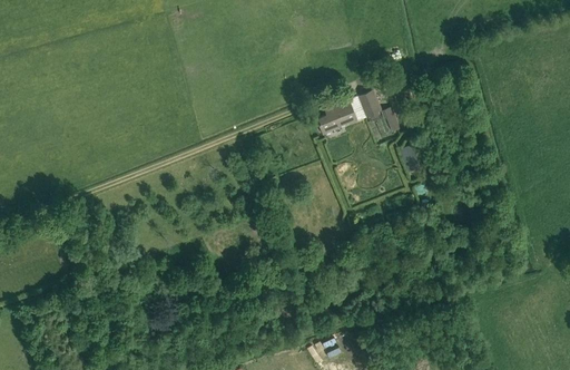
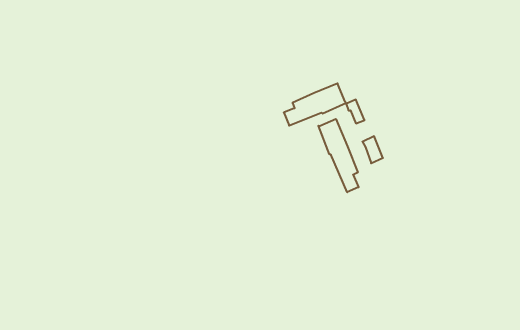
building: none -> [318,119,359,192]

